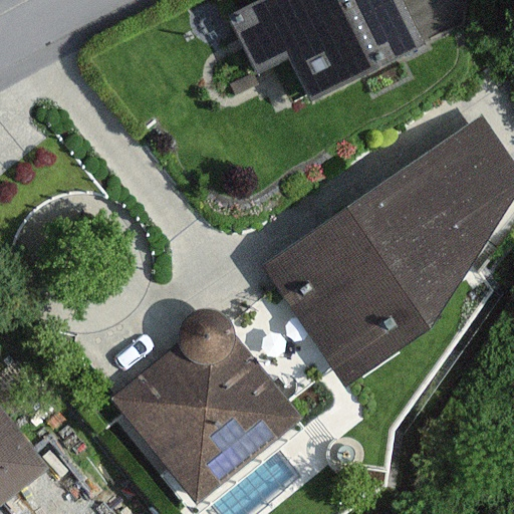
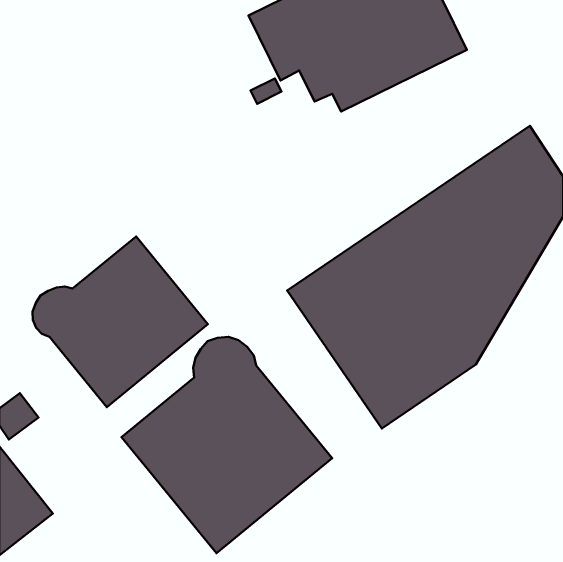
building: none -> [32,236,208,407]

